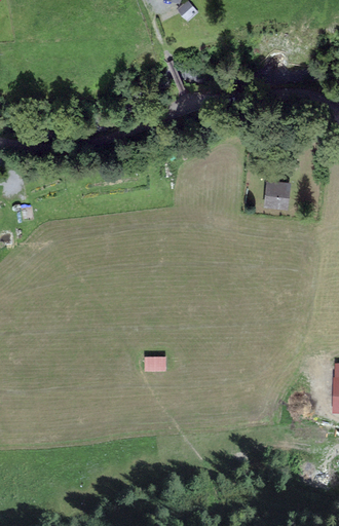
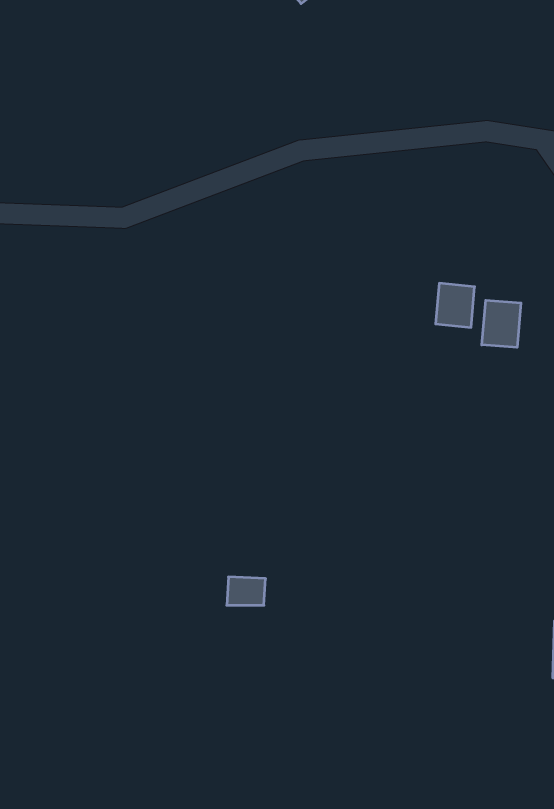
building: none -> [482,300,521,347]

